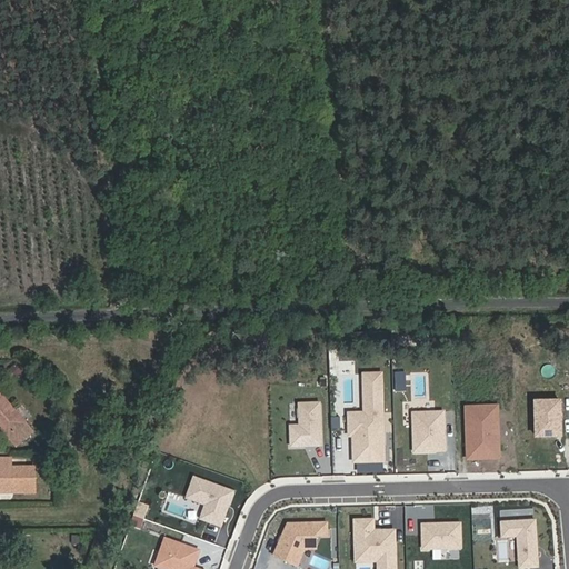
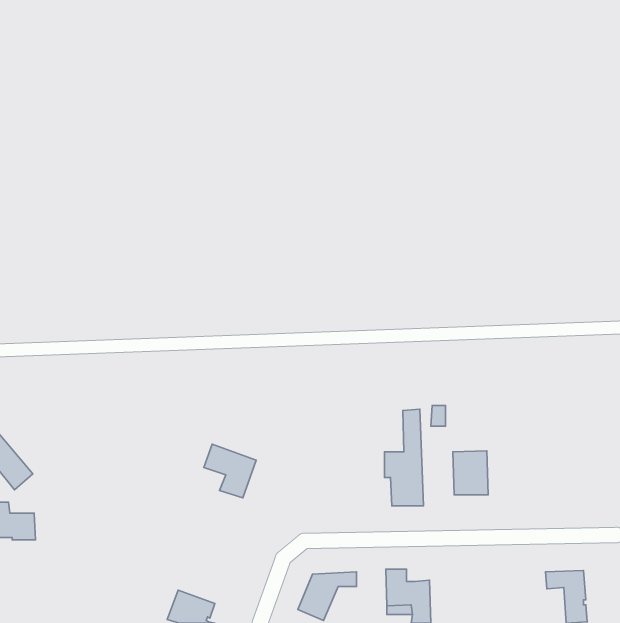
building: [295,400,326,443] -> none
building: [532,400,559,436] -> none
building: [467,403,500,457] -> none
building: [183,475,231,523] -> [204,444,256,498]
building: [419,521,458,548] -> none

